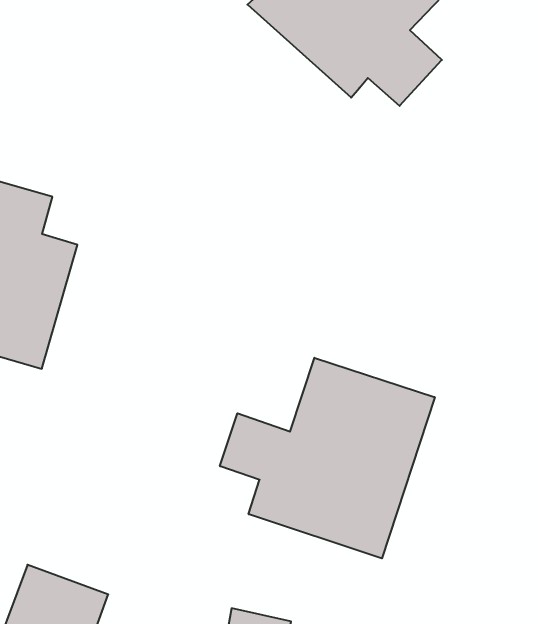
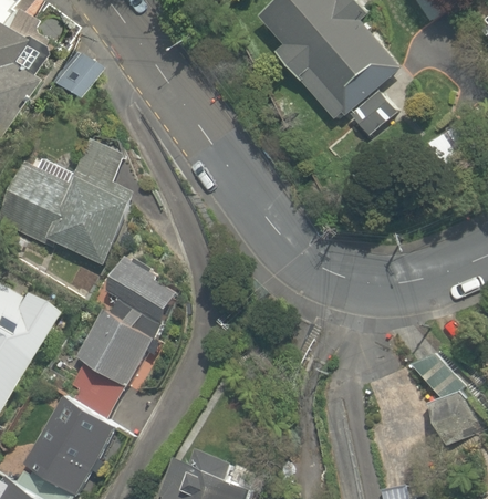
building: none -> [81,261,183,388]
building: [220,358,435,558] -> none

